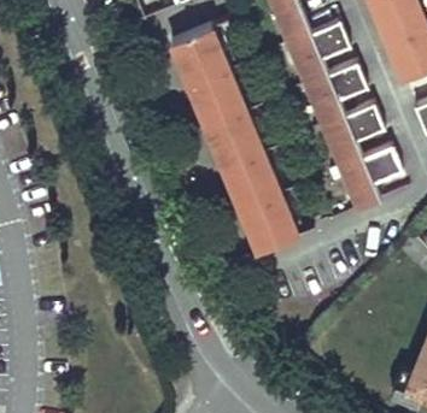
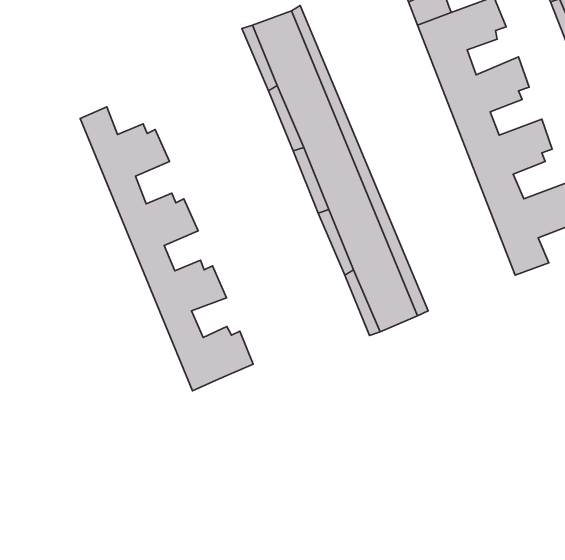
building: none -> [80,107,253,391]

